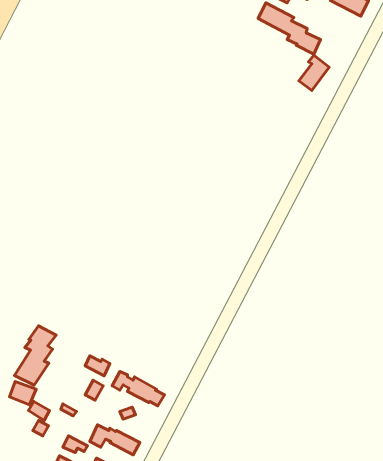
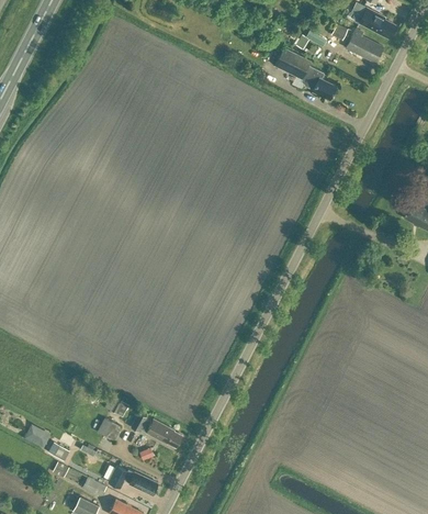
building: [299,55,329,91] -> none
building: [15,326,56,385] -> none

